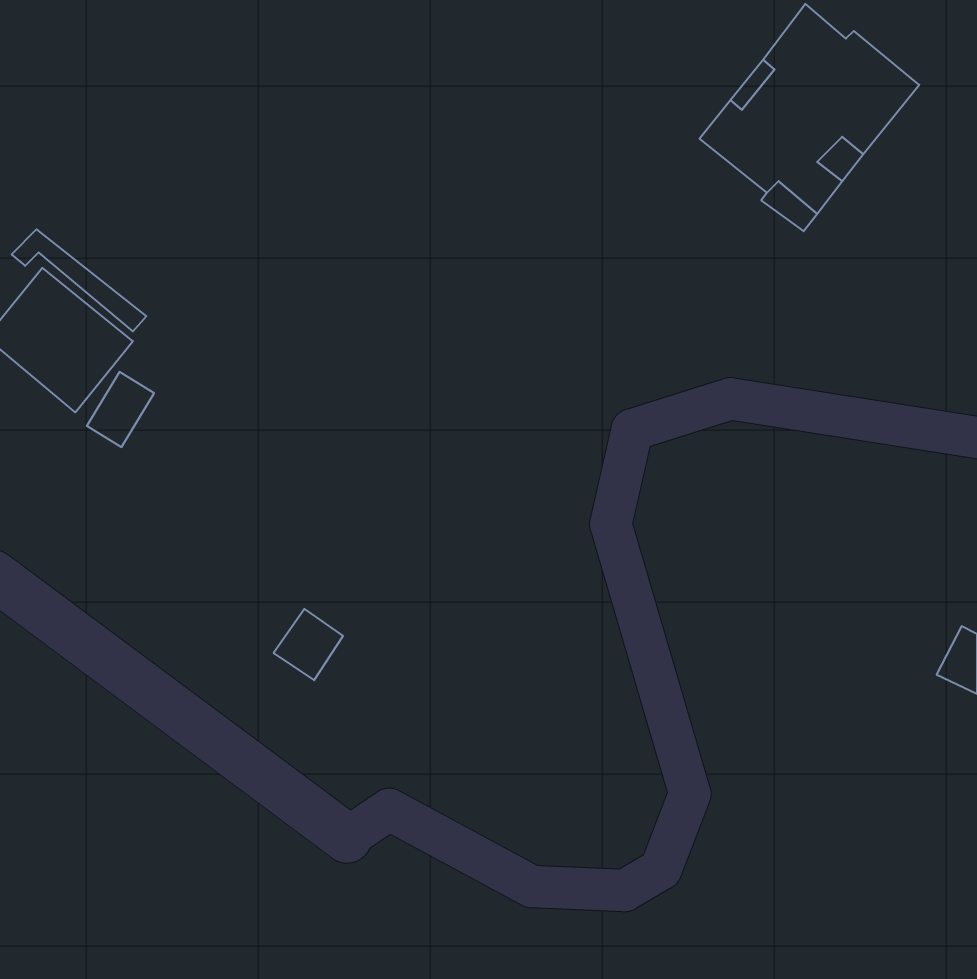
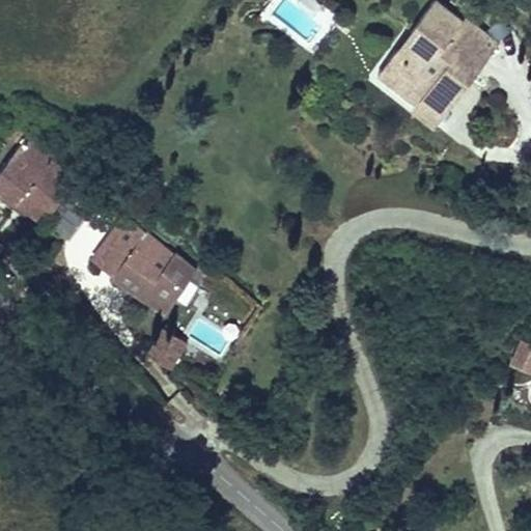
building: none -> [92,220,195,313]

